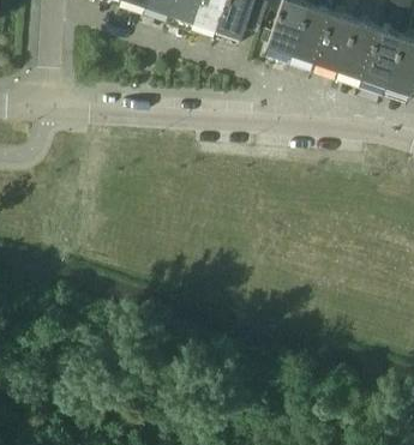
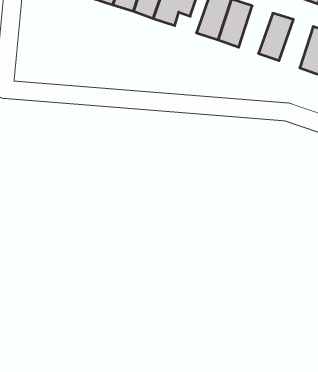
building: [317,13,356,68] -> none
building: [364,29,403,85] -> none

